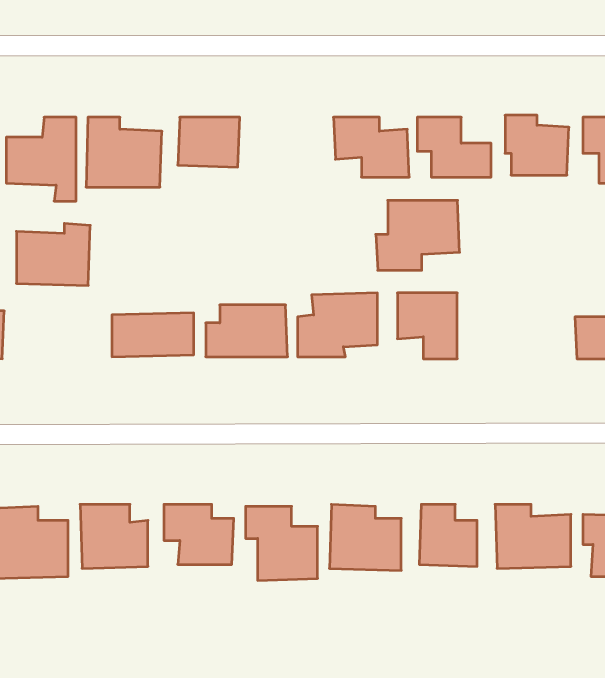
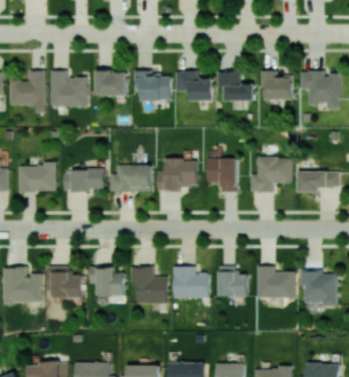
building: none -> [134,72,171,101]
building: [376,200,460,270] -> [250,157,293,192]
building: [16,223,90,285] -> [19,161,56,192]

